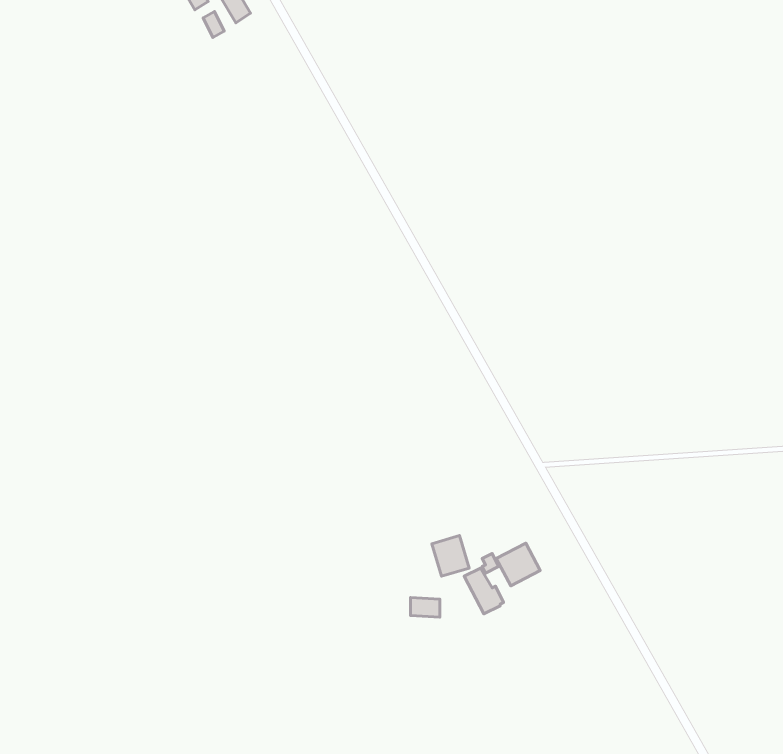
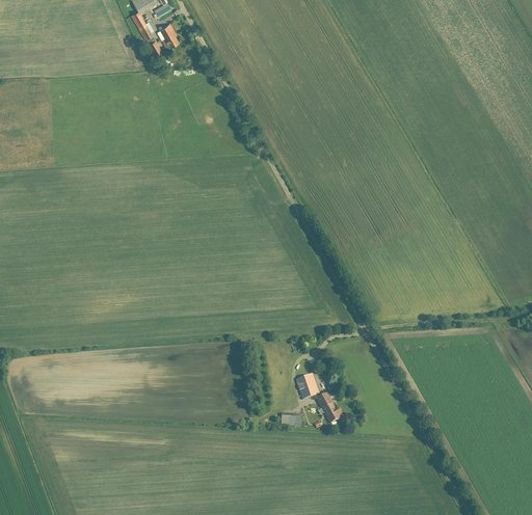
building: [496,543,540,586] -> none

